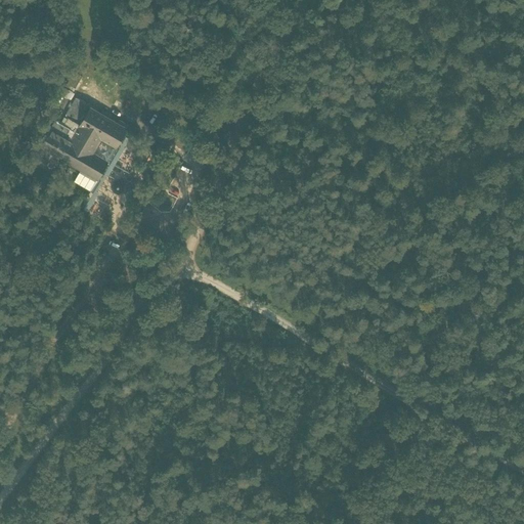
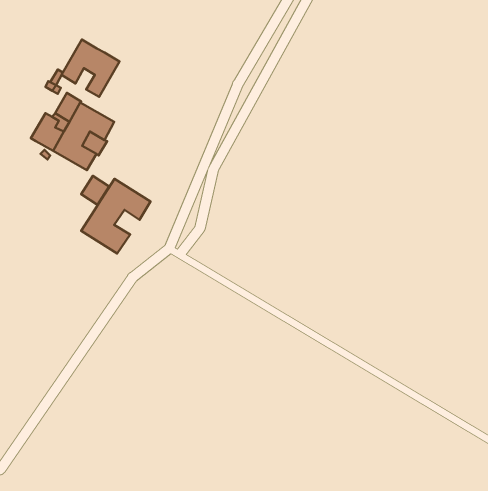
building: none -> [62,39,119,97]
building: none -> [81,179,151,254]

